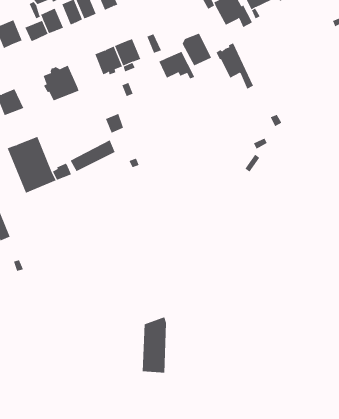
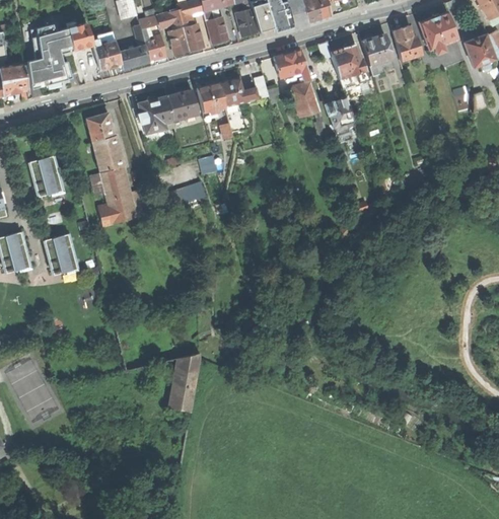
building: [158,51,195,79] -> [273,51,309,81]
building: none -> [166,91,197,121]
building: none -> [91,135,124,173]
building: [142,317,167,373] -> [166,353,200,413]

